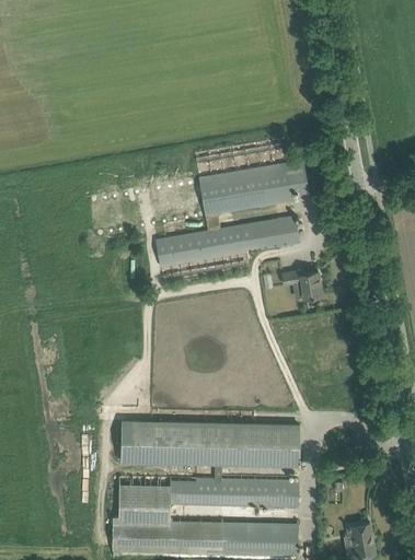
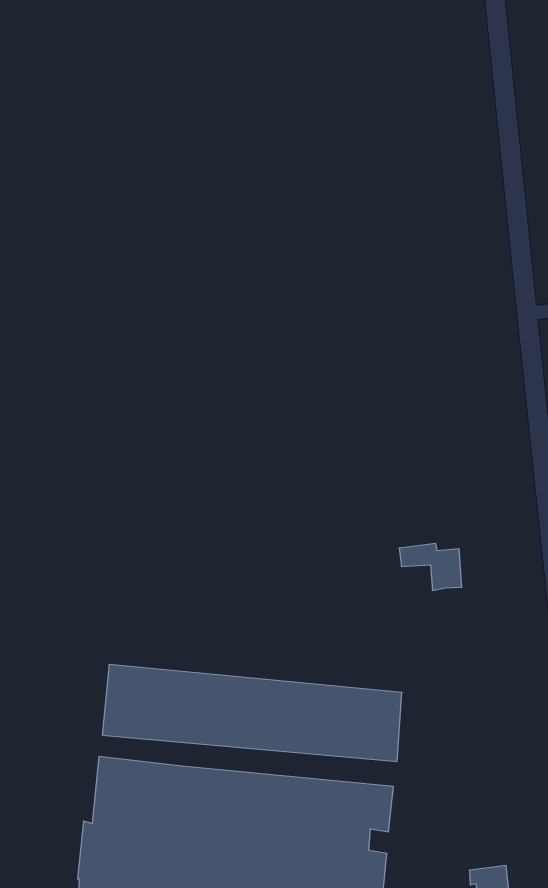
building: [155,161,309,267] -> none
building: [281,270,321,299] -> [399,543,462,591]

